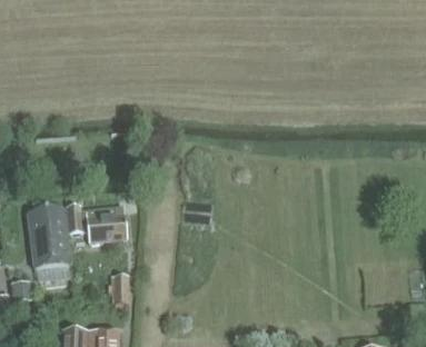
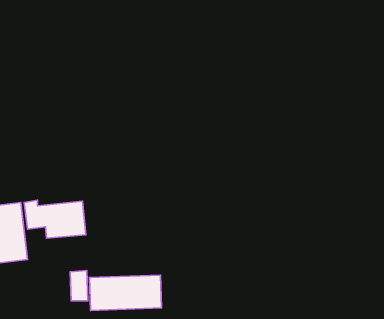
building: none -> [90,275,161,311]

